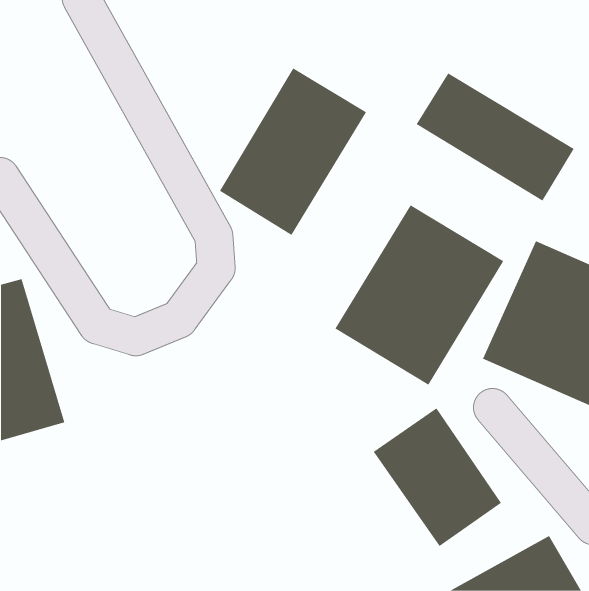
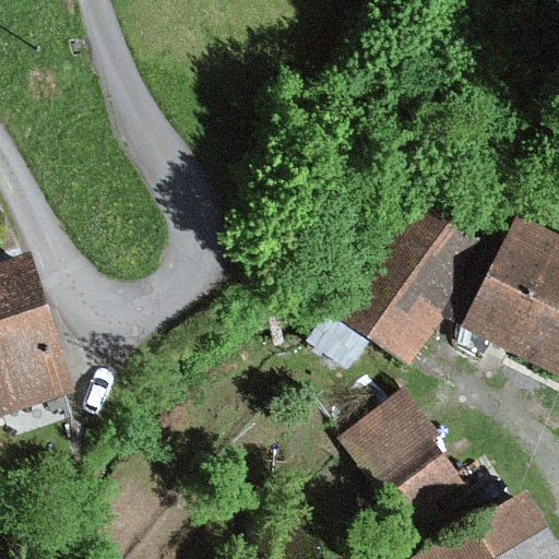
building: [219,67,367,236] -> none
building: [416,73,574,201] -> none

